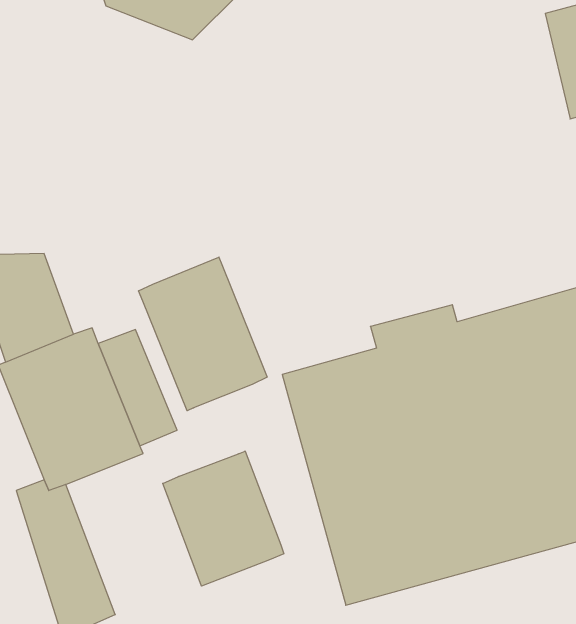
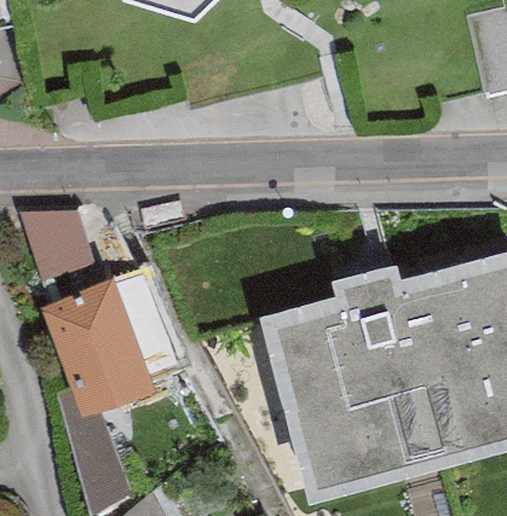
building: [139,257,267,411] -> none
building: [163,451,284,586] -> none

